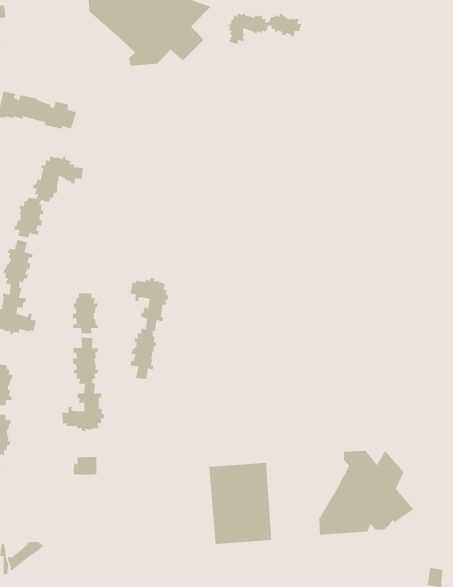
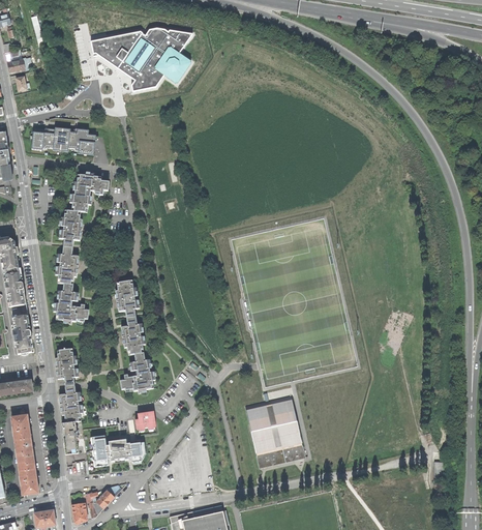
building: [228,13,302,45] -> none
building: [130,278,169,380] -> none
building: [319,450,414,535] -> none
building: none -> [87,433,146,466]

